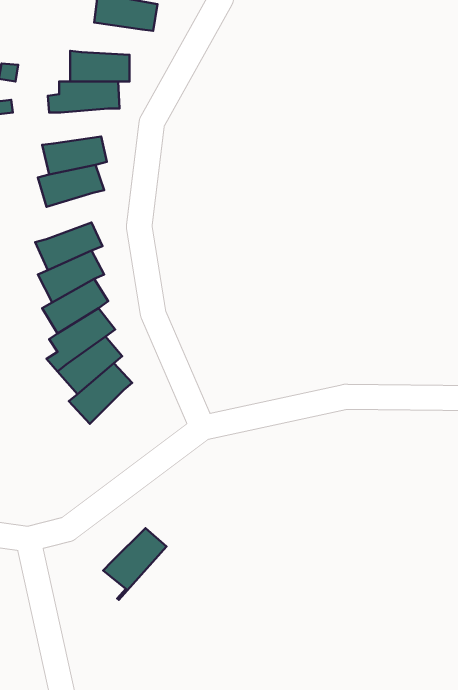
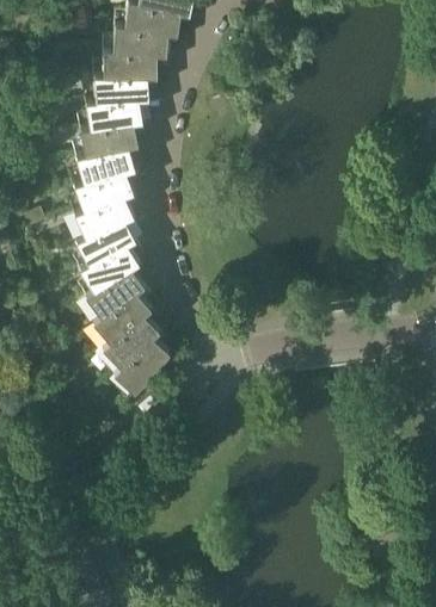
building: none -> [115,25,166,55]
building: none -> [87,99,141,129]
building: none -> [75,171,131,210]
building: [103,528,166,600] -> [115,337,168,398]

